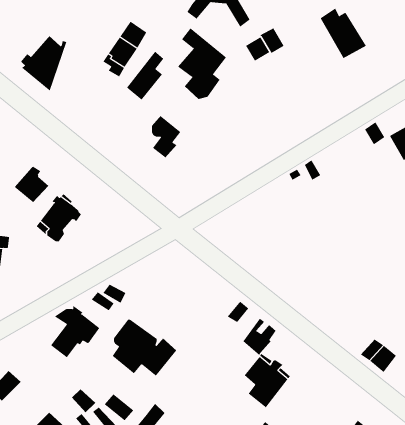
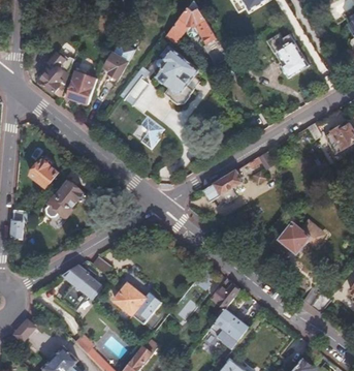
building: none -> [66,76,92,103]
building: none -> [203,169,243,205]
building: none -> [277,218,326,254]

